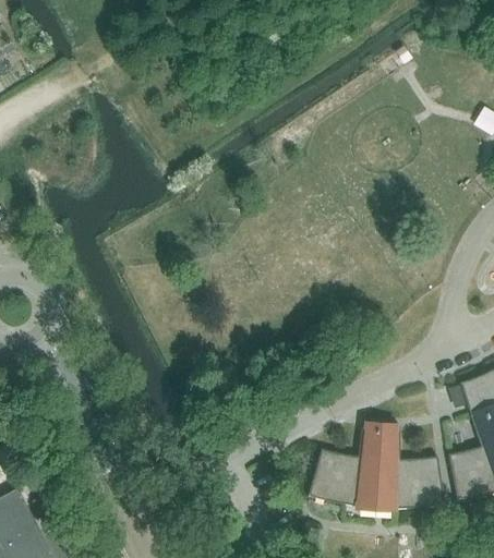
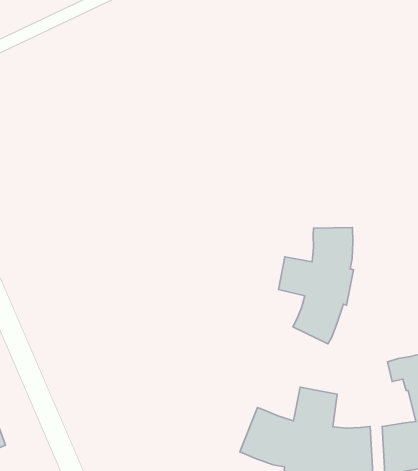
building: none -> [279,227,354,344]

